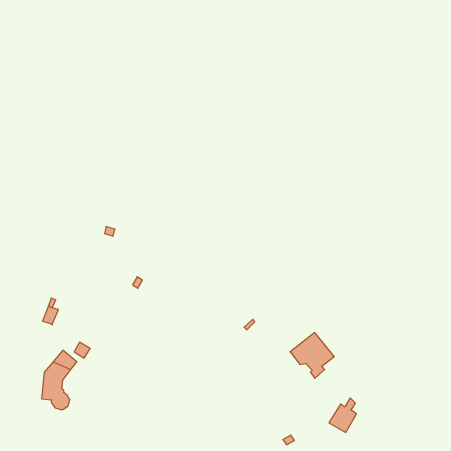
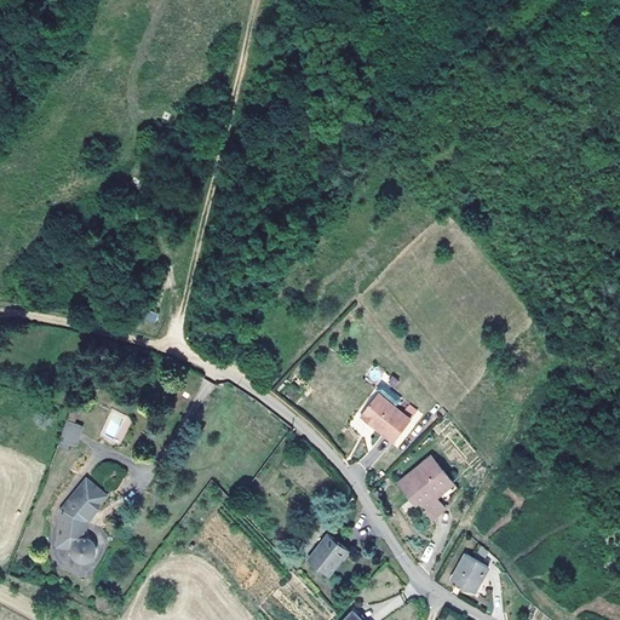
building: none -> [360,394,409,442]
building: none -> [308,533,349,575]

